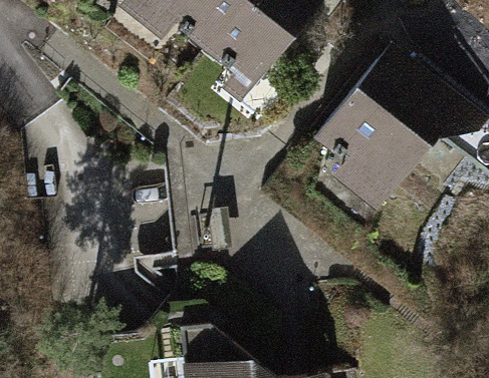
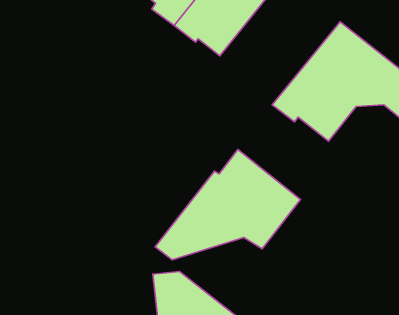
building: none -> [155,150,300,260]

